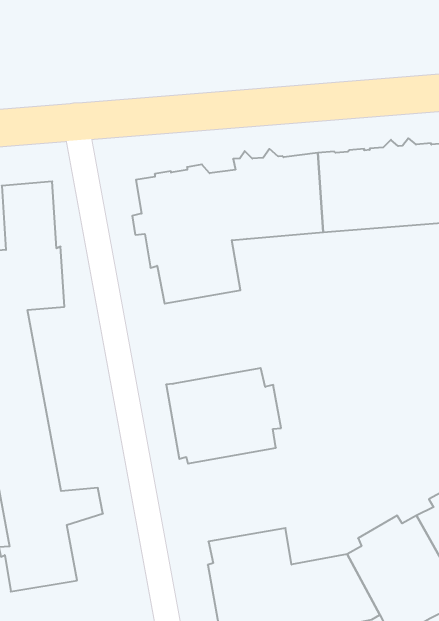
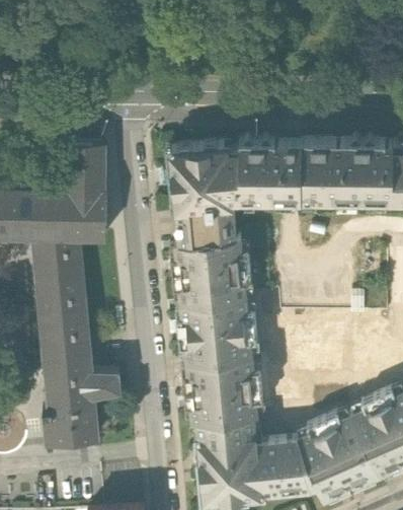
building: none -> [170,237,252,302]
building: none -> [182,356,264,422]

